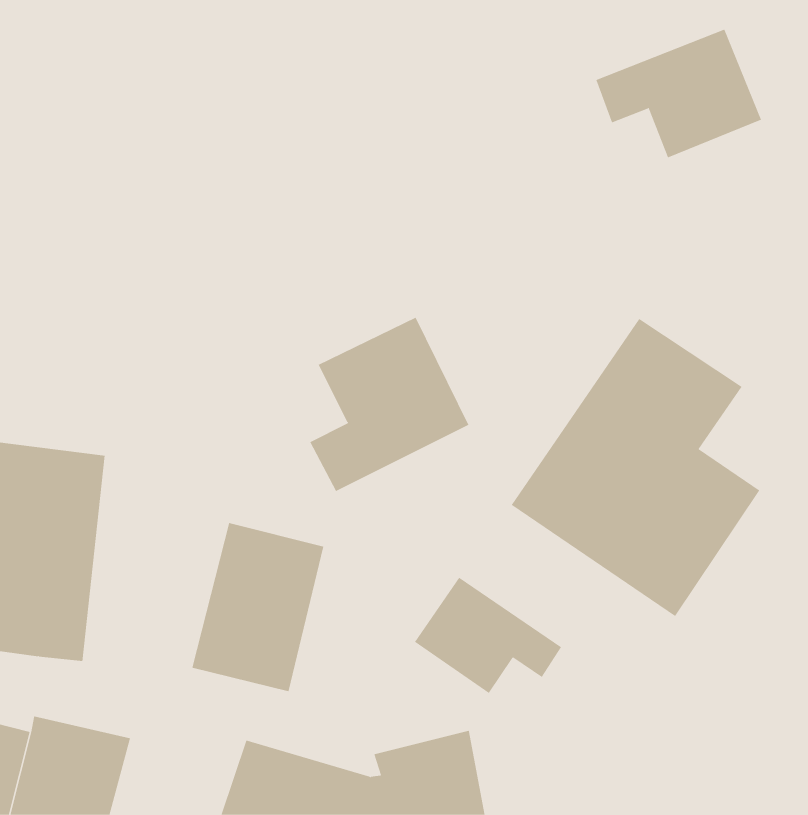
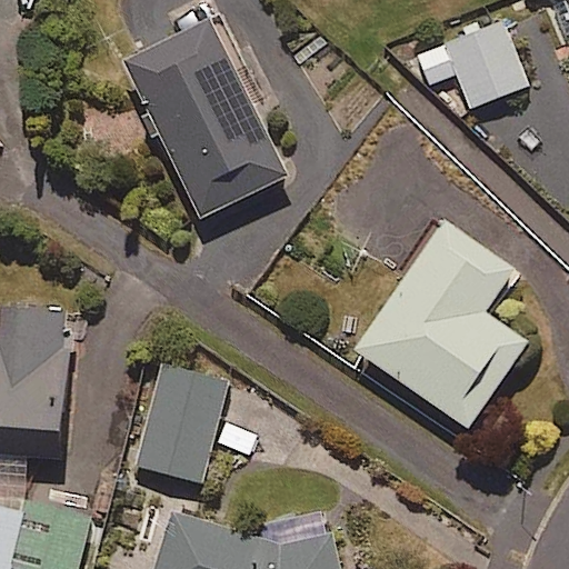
building: none -> [119,18,287,218]
building: [309,317,469,492] -> none
building: [414,577,562,694] -> none

